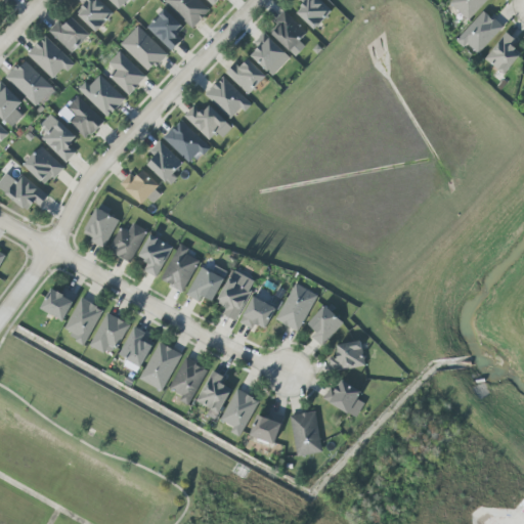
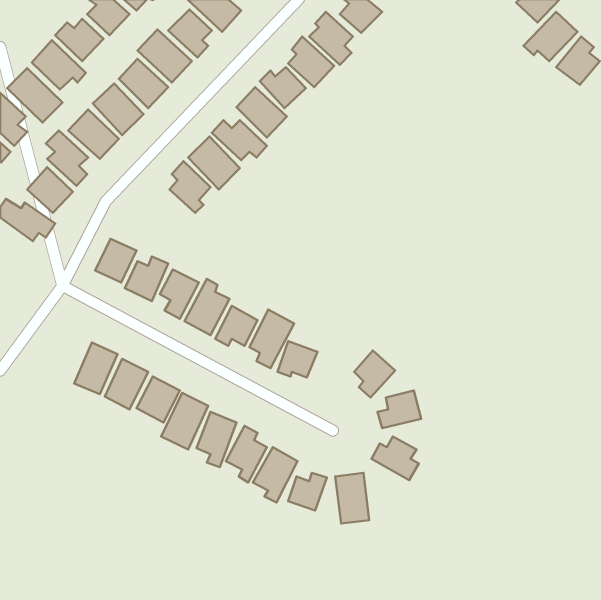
building: [120,171,162,207] -> none
building: [276,282,318,332] -> none
building: [41,289,75,320] -> none

